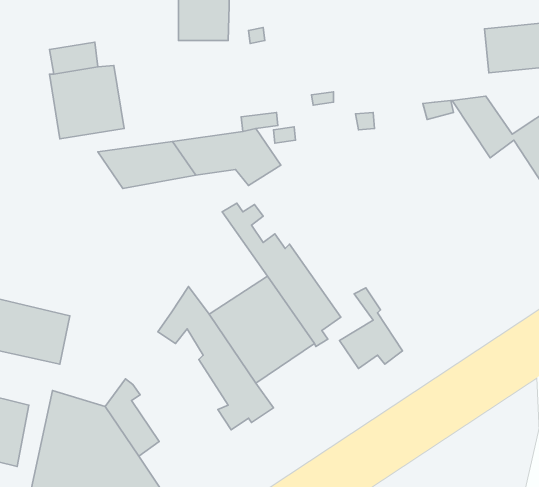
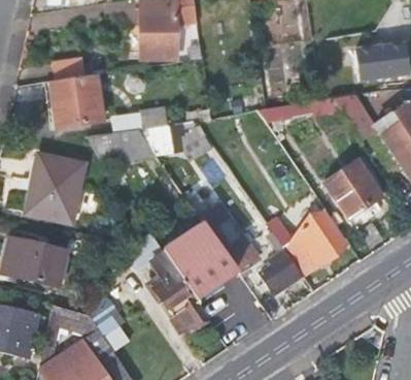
building: none -> [27,155,82,221]
building: none -> [326,161,381,219]
building: none -> [271,209,348,273]

